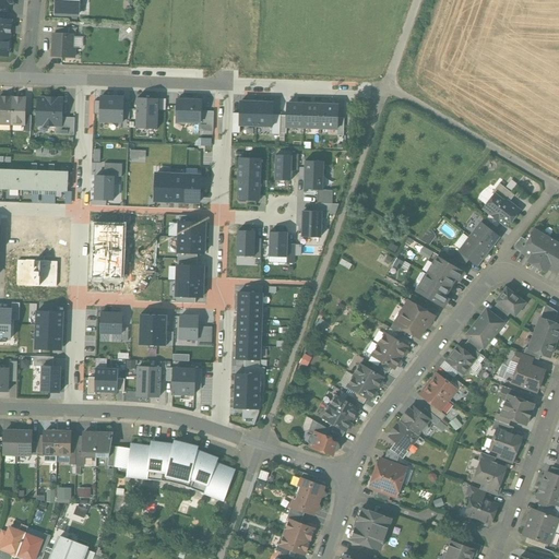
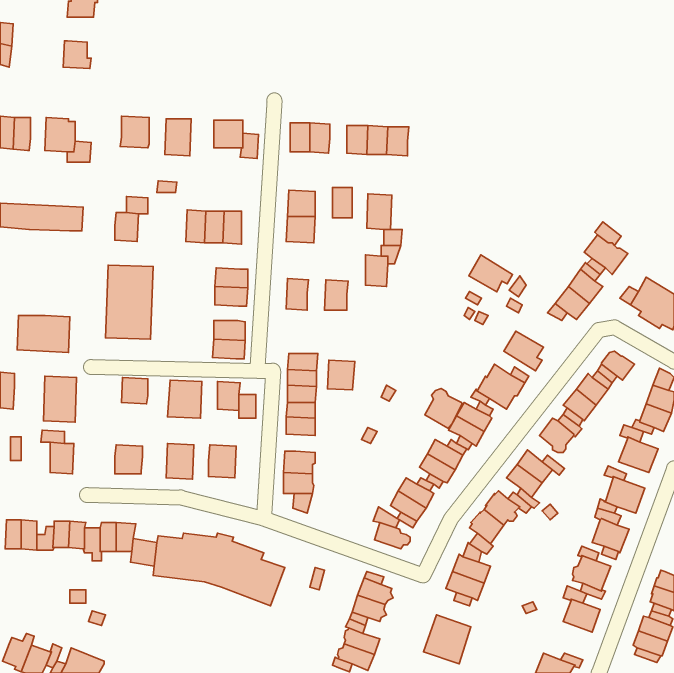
building: [427,257,463,287] -> [469,255,512,292]
building: none -> [327,360,355,390]
building: none -> [425,388,462,428]

